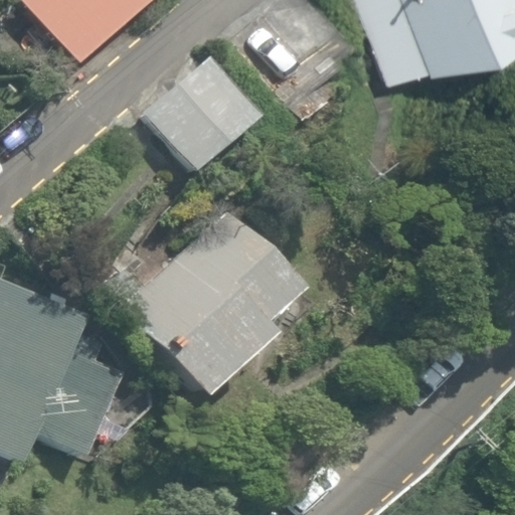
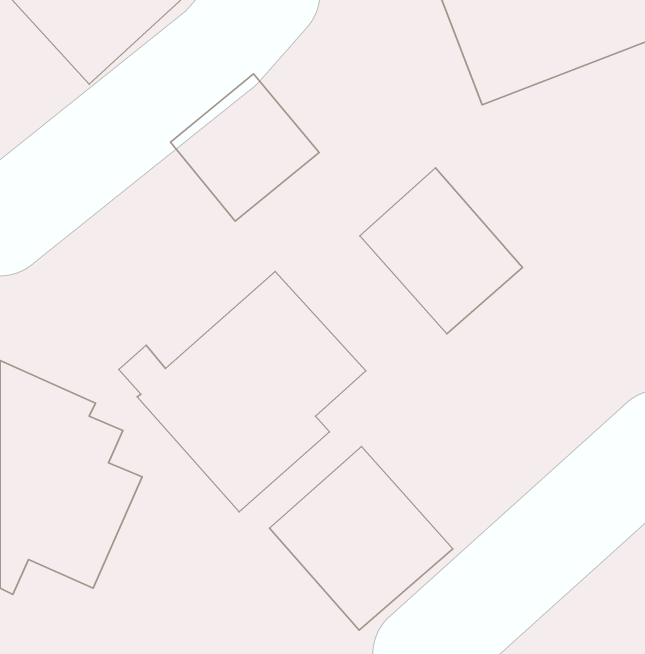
building: none -> [360,168,523,334]
building: none -> [269,446,453,630]

